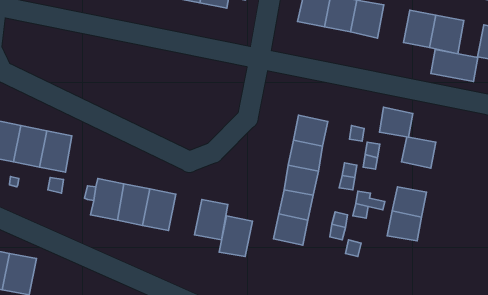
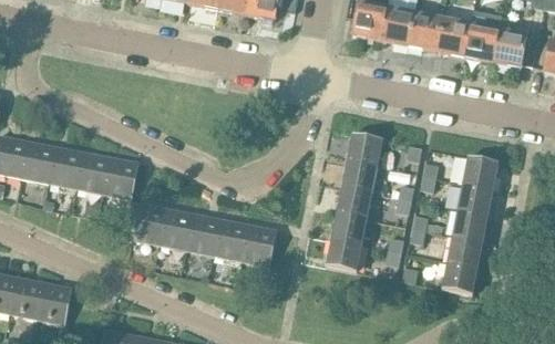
building: none -> [435,17,470,56]
building: [431,50,478,82] -> none
building: [379,107,413,137] -> [456,184,492,216]
building: none -> [103,156,138,200]
building: [219,216,252,256] -> [213,218,248,261]
building: none -> [441,262,477,295]

